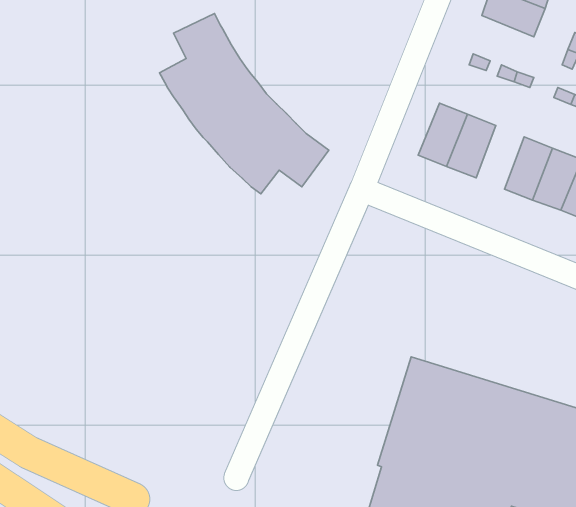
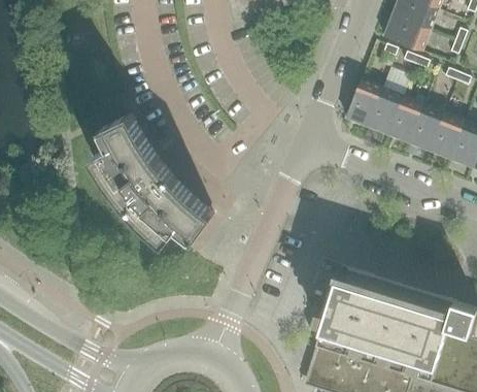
building: [159,14,329,194] -> [91,112,214,244]
building: none -> [383,15,430,52]
building: none -> [387,96,422,142]

